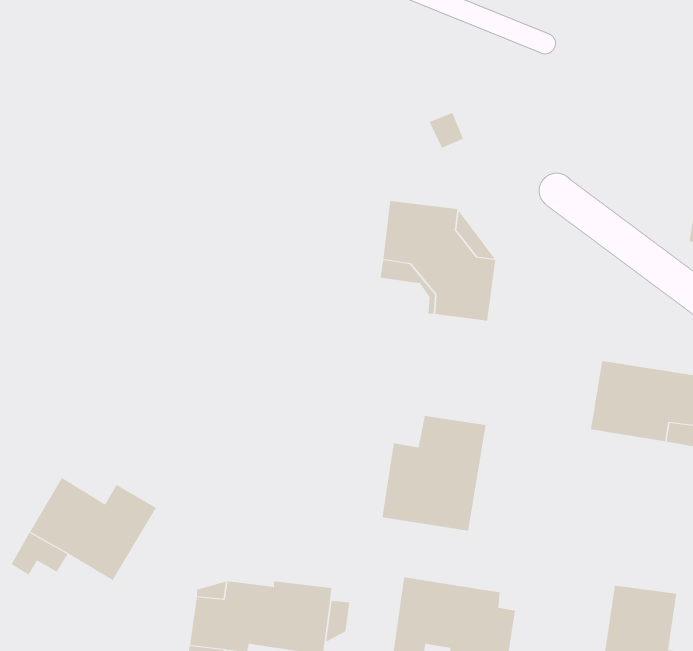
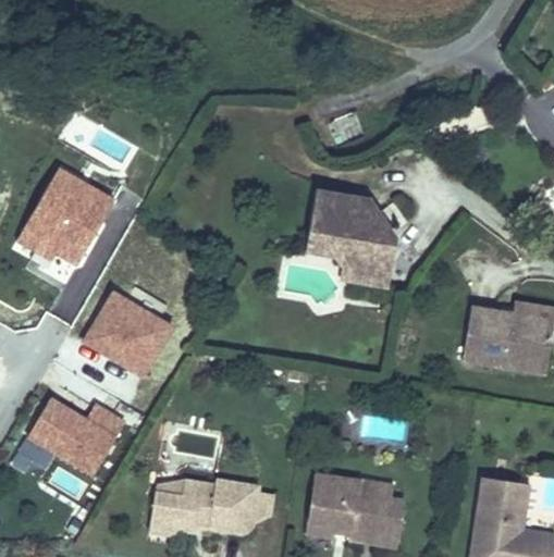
building: none -> [16,163,118,265]
building: none -> [81,286,176,377]
building: [382,415,486,532] -> none

